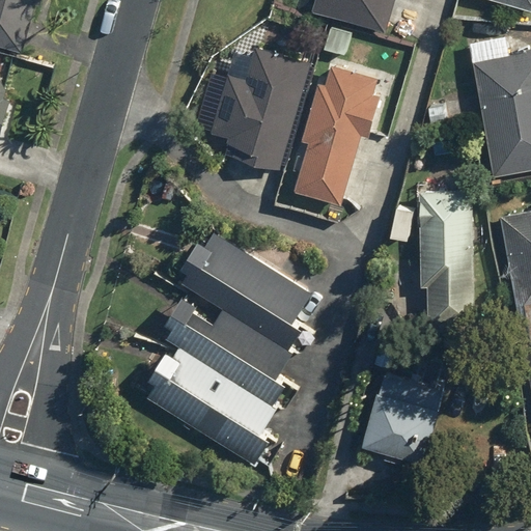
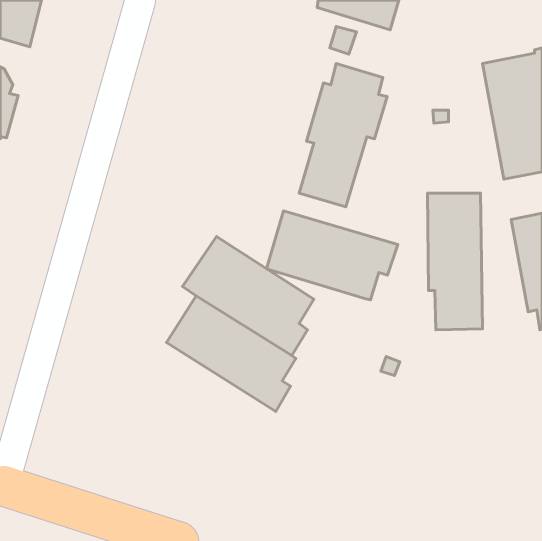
building: [209,48,307,169] -> none
building: none -> [266,211,398,300]
building: [145,345,274,464] -> none
building: [358,372,439,462] -> none

